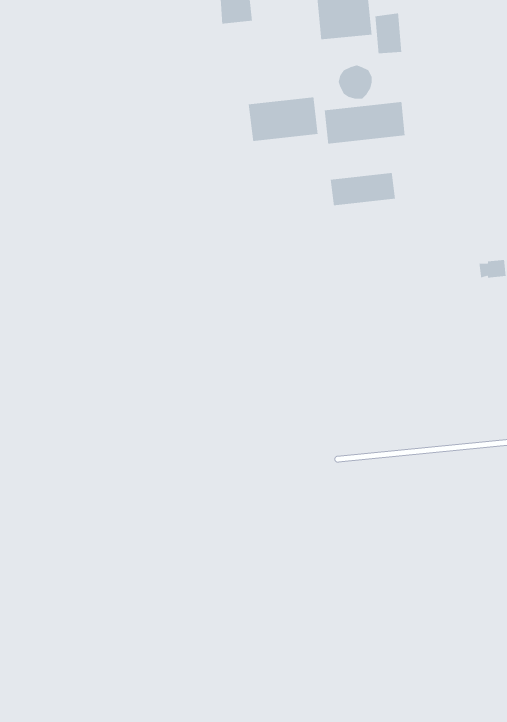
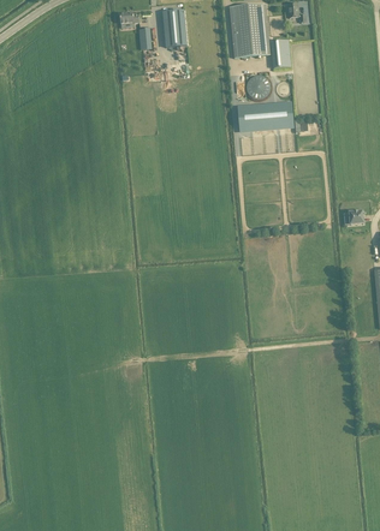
building: [248,96,319,142] -> none
building: [330,172,396,206] -> none

